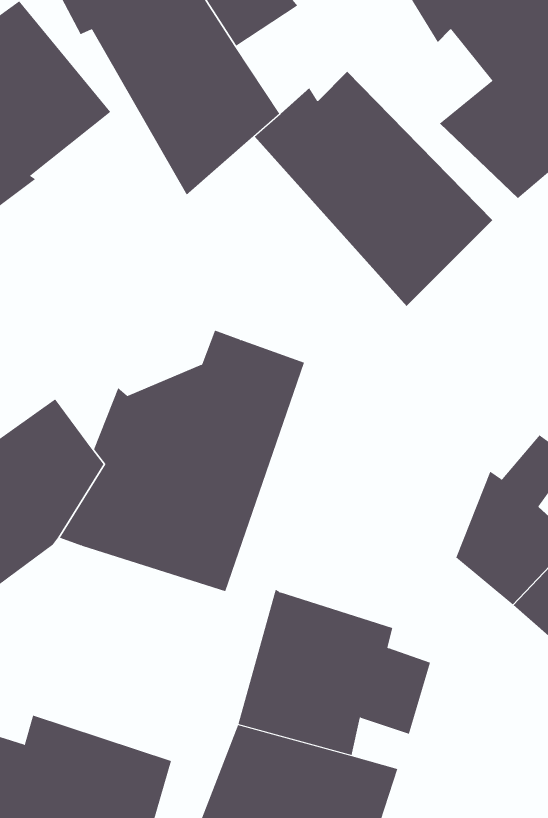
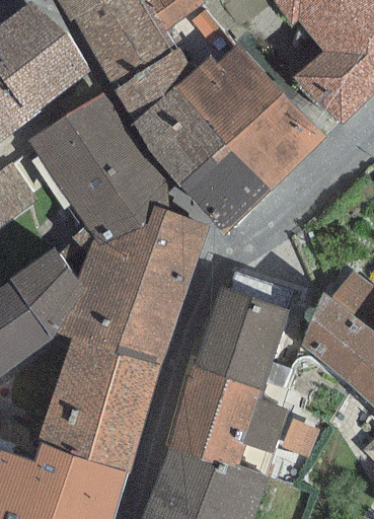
building: none -> [132,85,272,231]
building: none -> [28,93,169,245]
building: none -> [194,287,289,389]
building: none -> [36,339,160,471]

